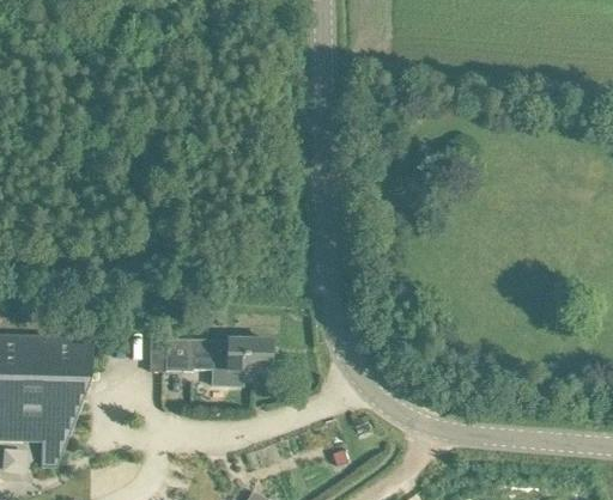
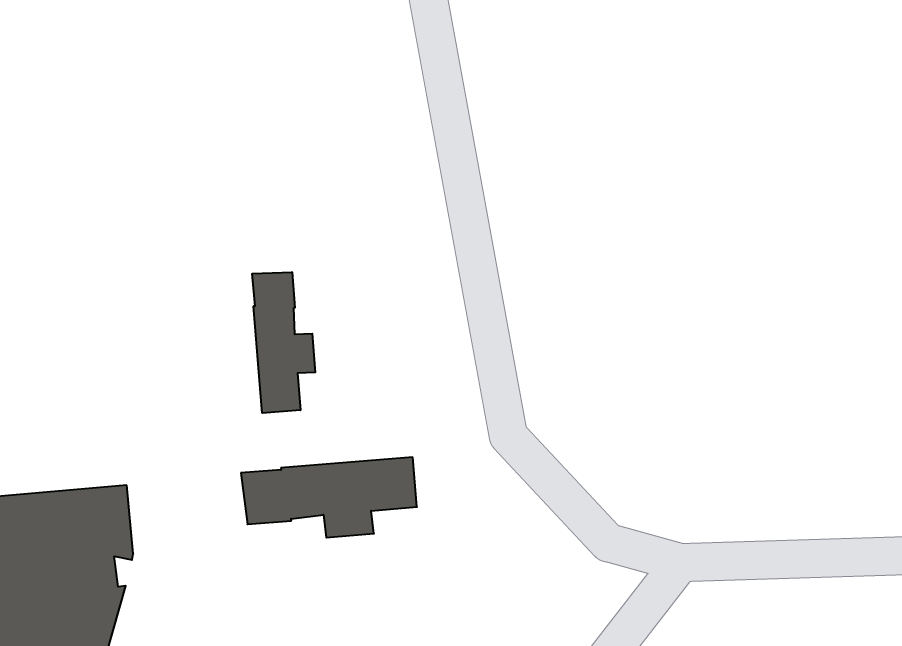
building: none -> [252,272,315,413]

